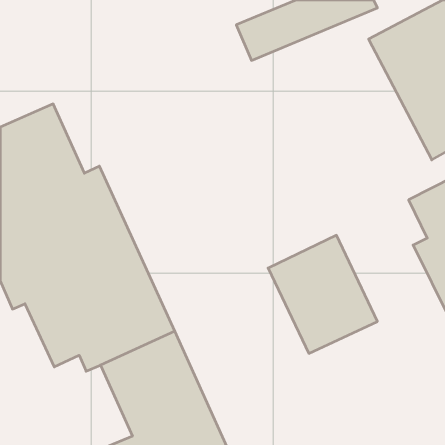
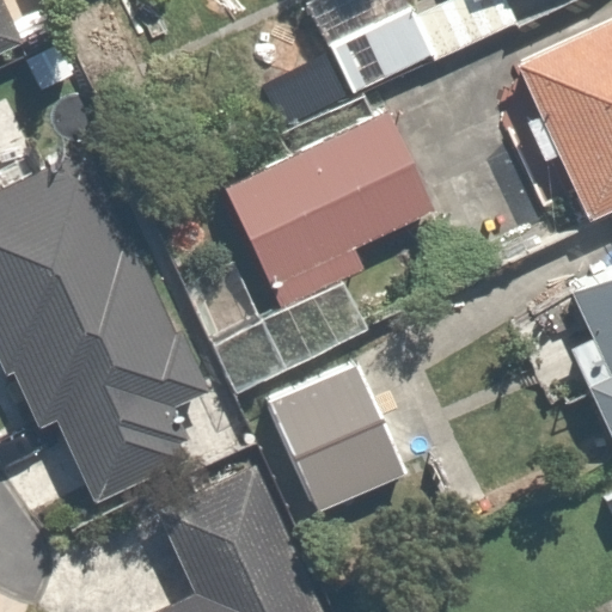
building: none -> [227,116,427,314]
building: [268,235,377,353] -> [261,357,408,516]

